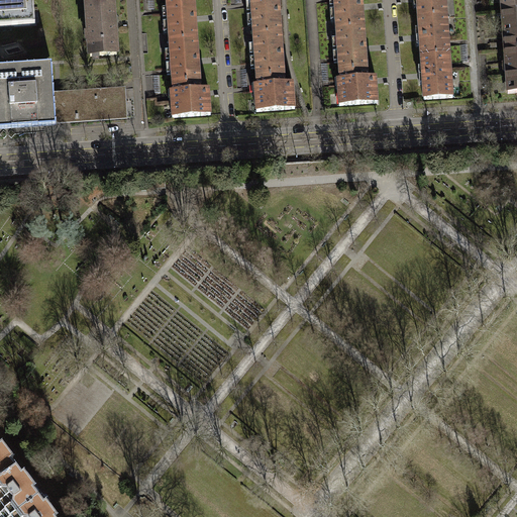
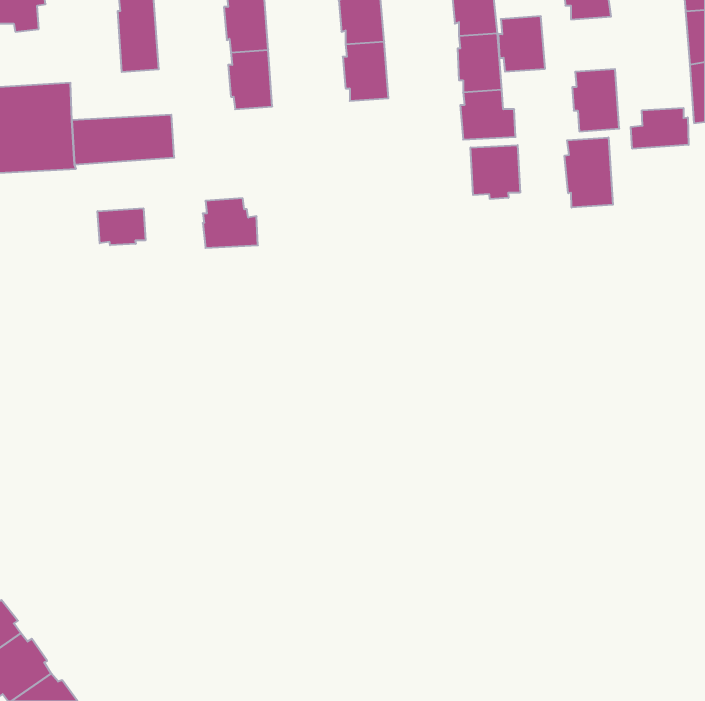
building: [415,12,449,53] -> [498,16,545,72]
building: [254,72,294,108] -> none
building: [170,78,210,114] -> [203,198,258,248]
building: none -> [631,108,689,149]
building: none -> [565,137,613,208]
building: none -> [471,145,520,199]
building: none -> [98,208,145,245]

